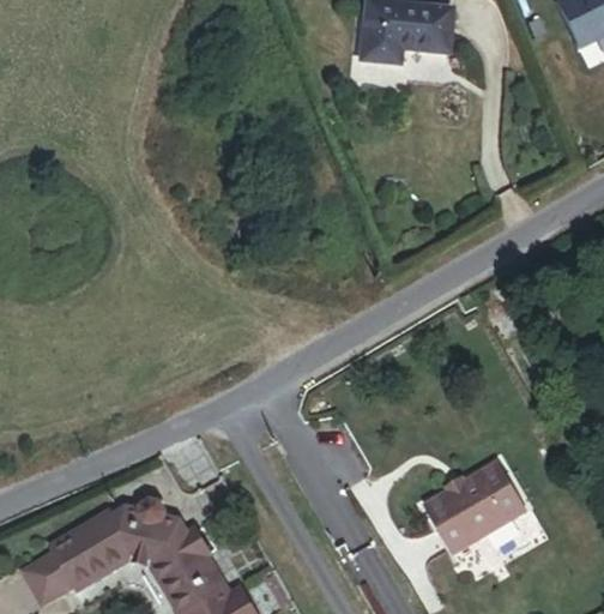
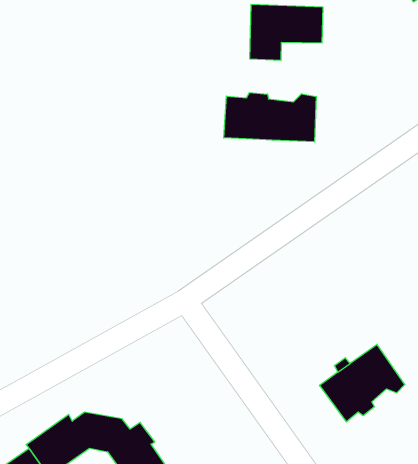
building: none -> [224,93,316,142]

